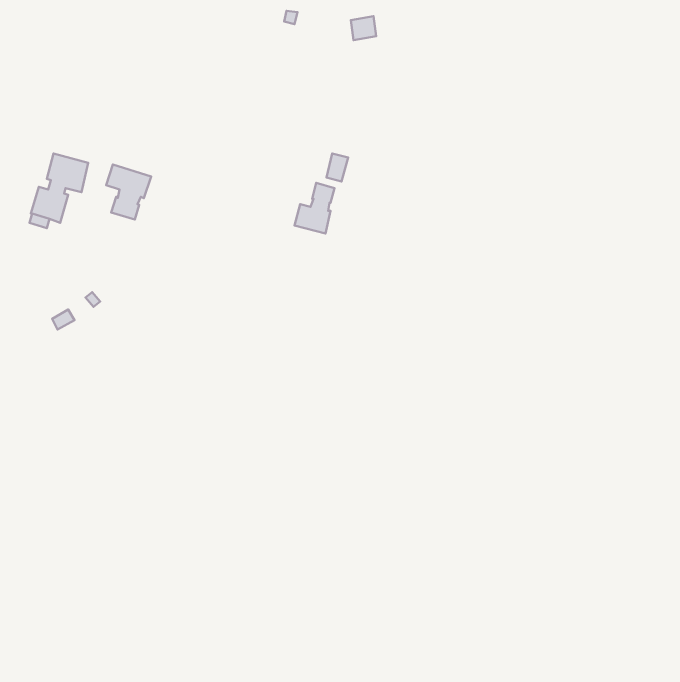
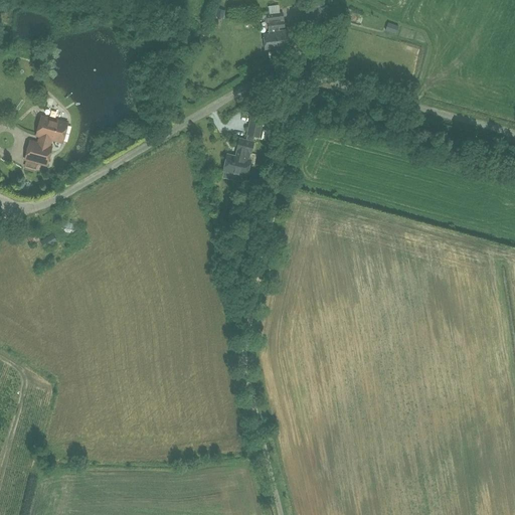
building: none -> [263,31,289,49]
building: [106,164,151,219] -> none

